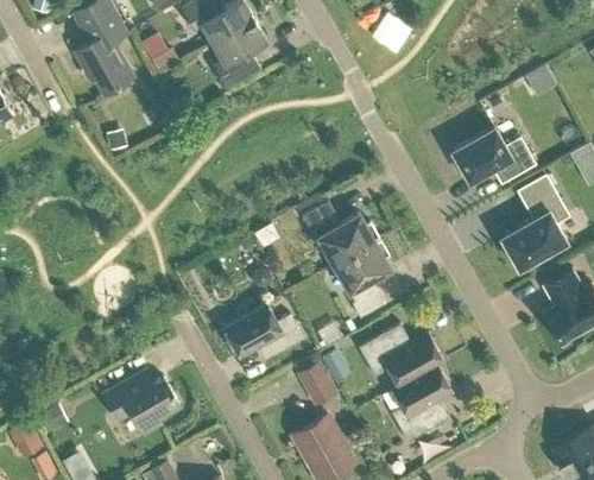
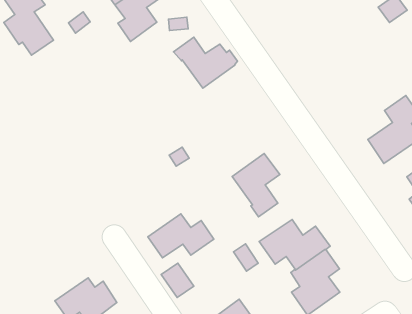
building: [450,127,536,181] -> none
building: [302,202,378,265] -> [174,37,237,88]
building: [298,362,336,404] -> [161,263,194,297]

